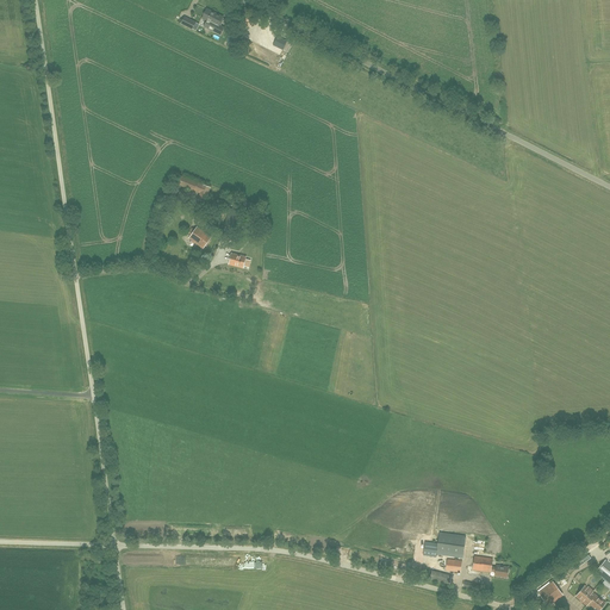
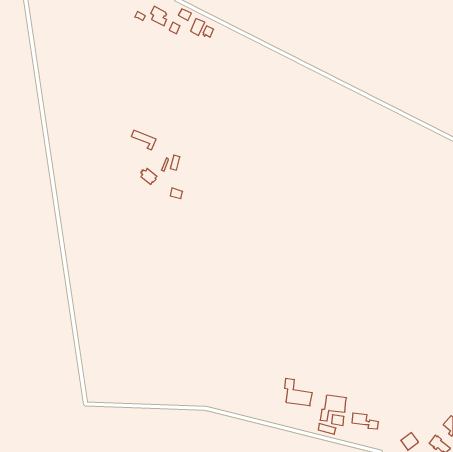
building: none -> [285,378,312,406]

